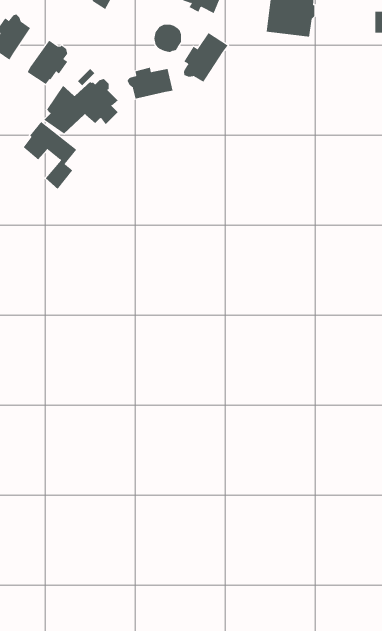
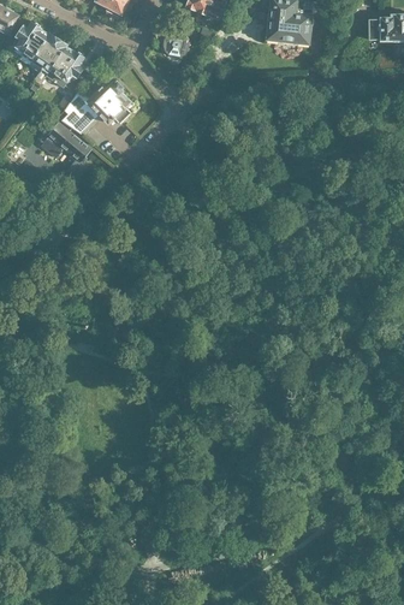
building: none -> [26,31,65,89]
building: [184,32,228,84] -> none
building: [127,67,173,100] -> none

